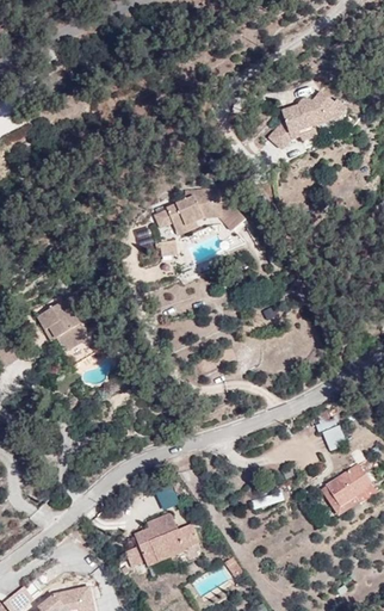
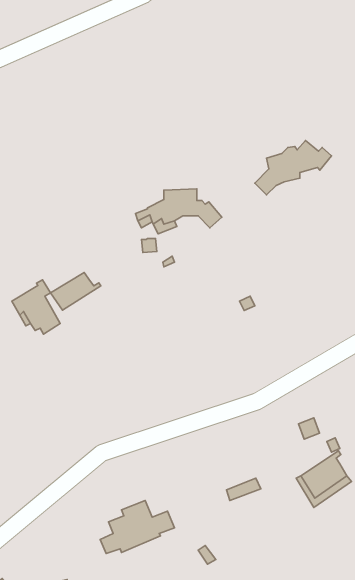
building: [273,93,351,148] -> [255,141,332,195]
building: none -> [51,273,101,310]

